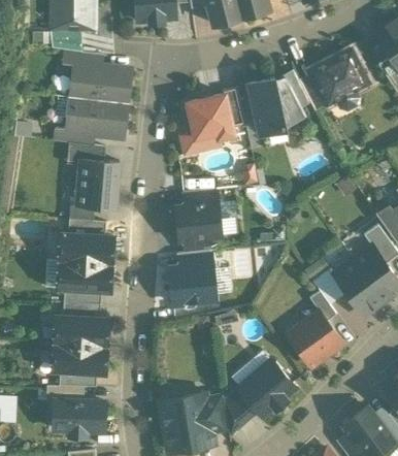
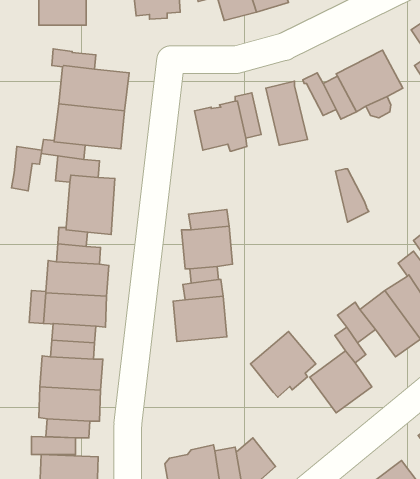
building: [49,29,81,52] -> none
building: [274,79,303,126] -> [336,169,369,222]
building: [178,124,222,155] -> none
building: none -> [12,146,42,191]
building: [238,359,295,416] -> [250,332,316,397]

